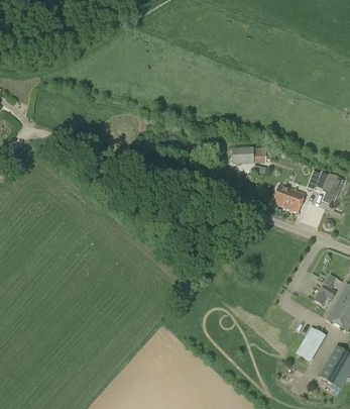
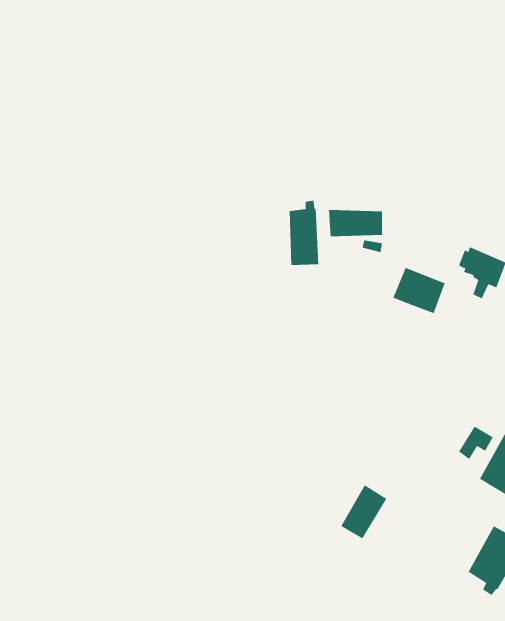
building: none -> [289,200,319,266]
building: [296,326,325,361] -> [341,485,387,539]

